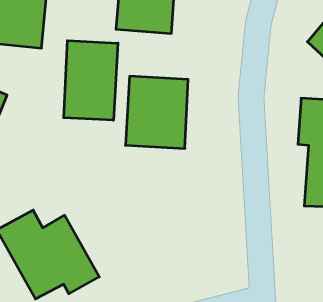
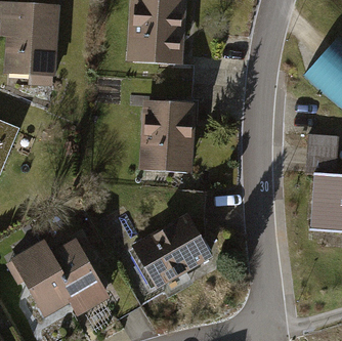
building: [64,41,118,120] -> none
building: none -> [132,210,210,285]

